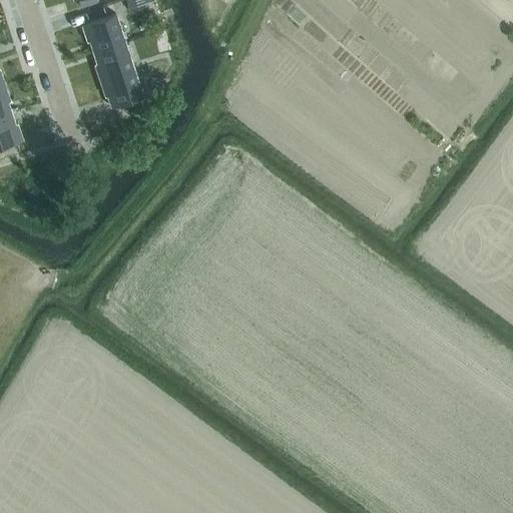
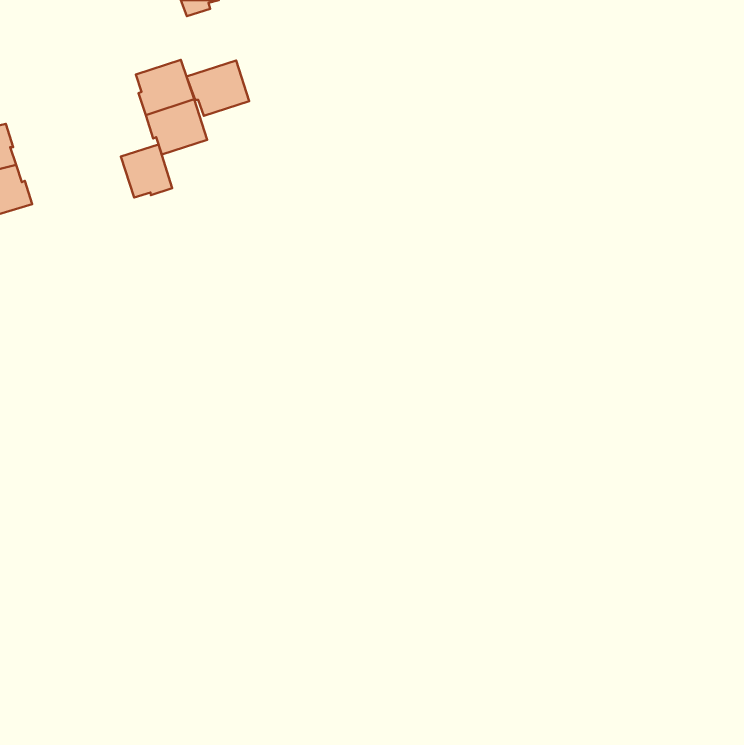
building: [81,13,124,51] -> [186,60,249,116]
building: none -> [121,144,172,197]

